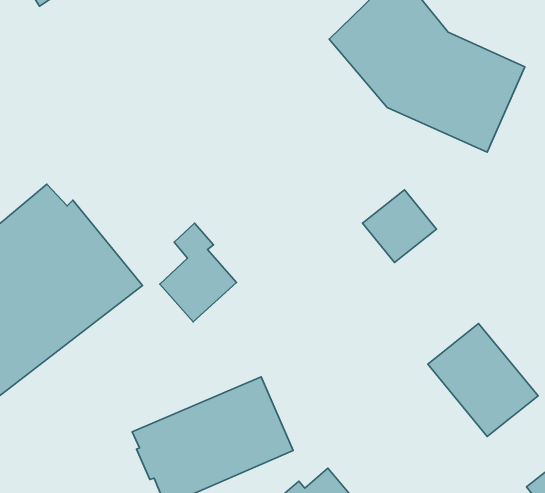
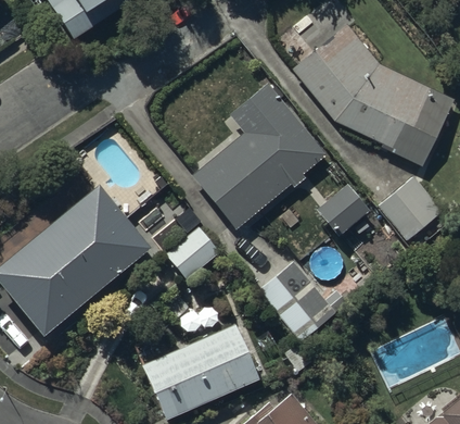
building: none -> [192,83,328,229]
building: none -> [378,178,440,241]
building: [428,323,538,436] -> [255,260,337,345]

